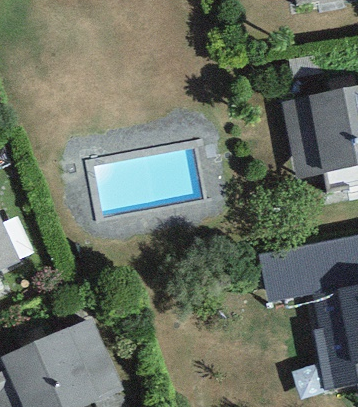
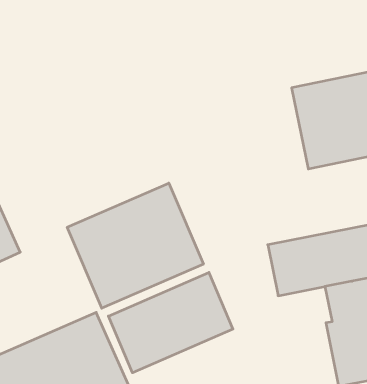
building: none -> [67,183,203,308]
building: none -> [108,272,233,373]

